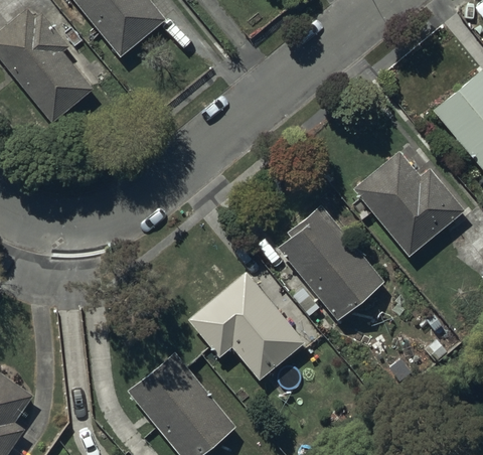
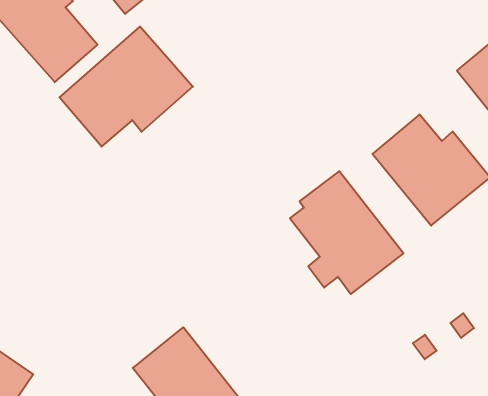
building: none -> [59,27,193,147]
building: [188,273,304,381] -> none

